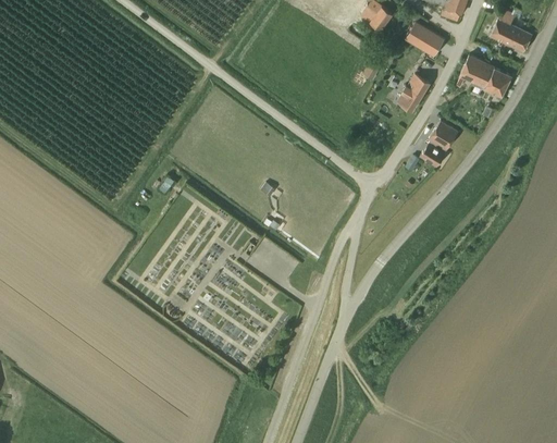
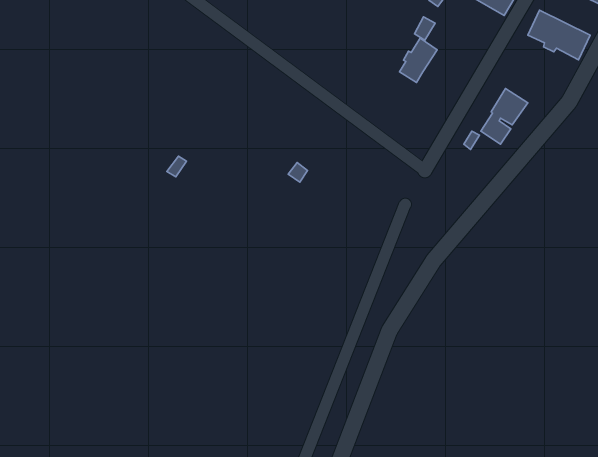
building: [397,73,429,110] -> [399,38,437,82]

